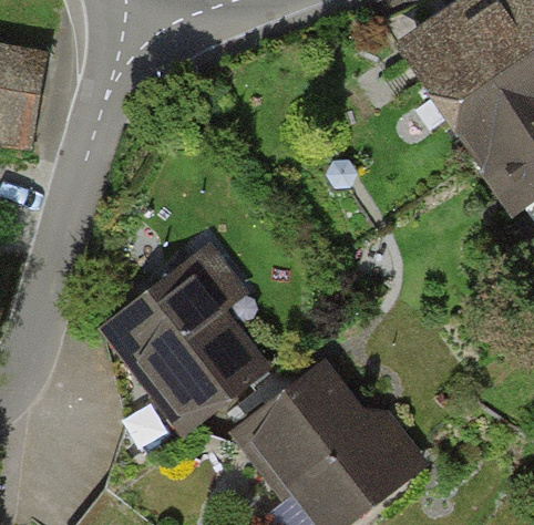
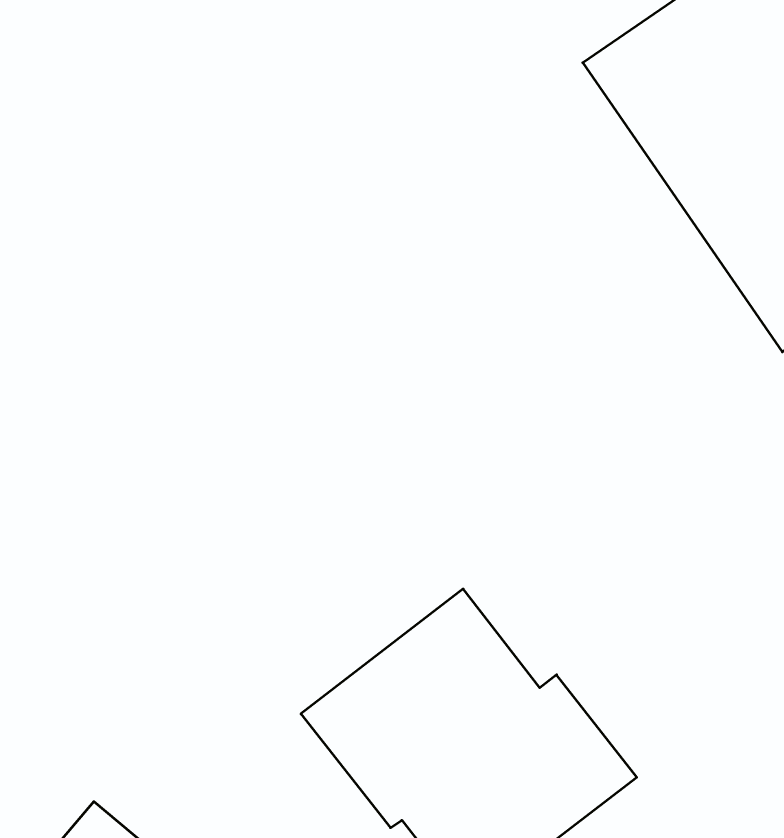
building: [100,259,275,439] -> none

